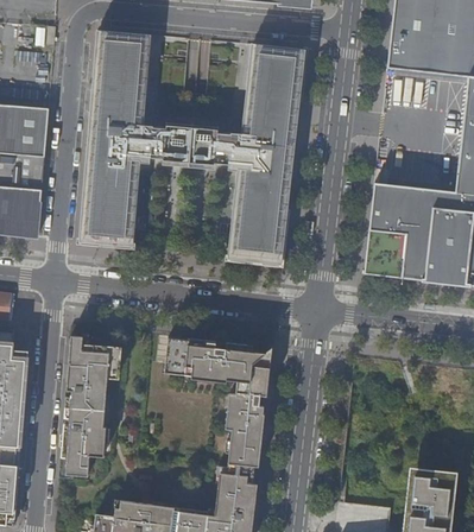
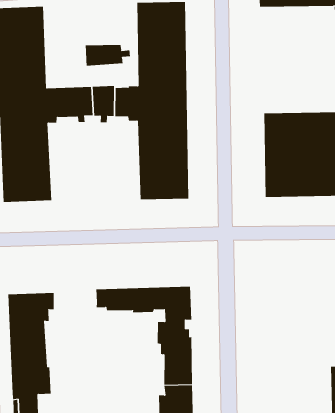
building: none -> [85,44,130,67]

